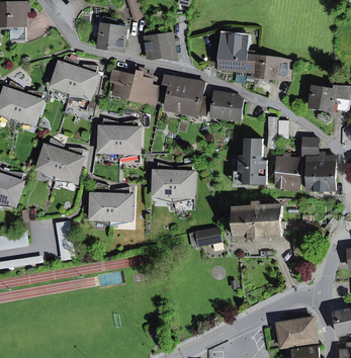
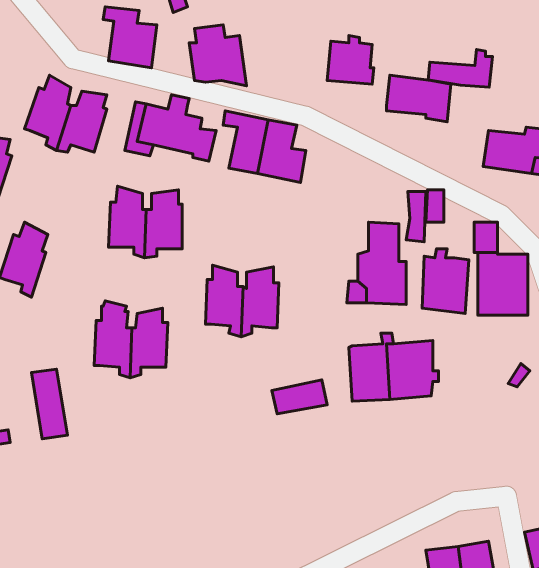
building: [220,52,256,73] -> [428,49,493,87]
building: [210,92,242,119] -> none
building: [54,148,82,182] -> none

